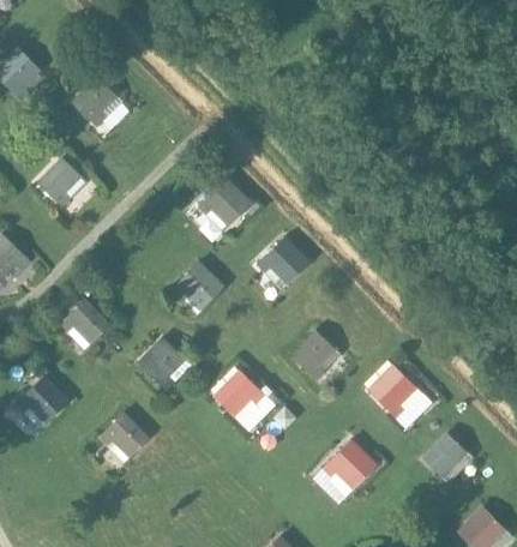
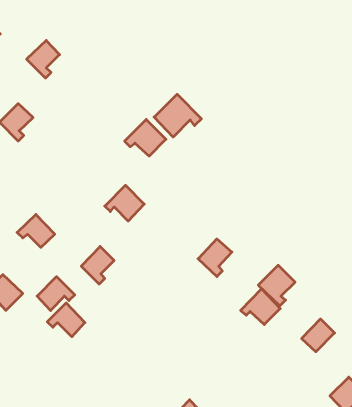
building: none -> [154,94,201,137]
building: [258,238,309,283] -> none
building: [215,371,263,414] -> none
building: none -> [37,277,75,311]
building: [325,440,375,486] -> [241,289,280,325]

